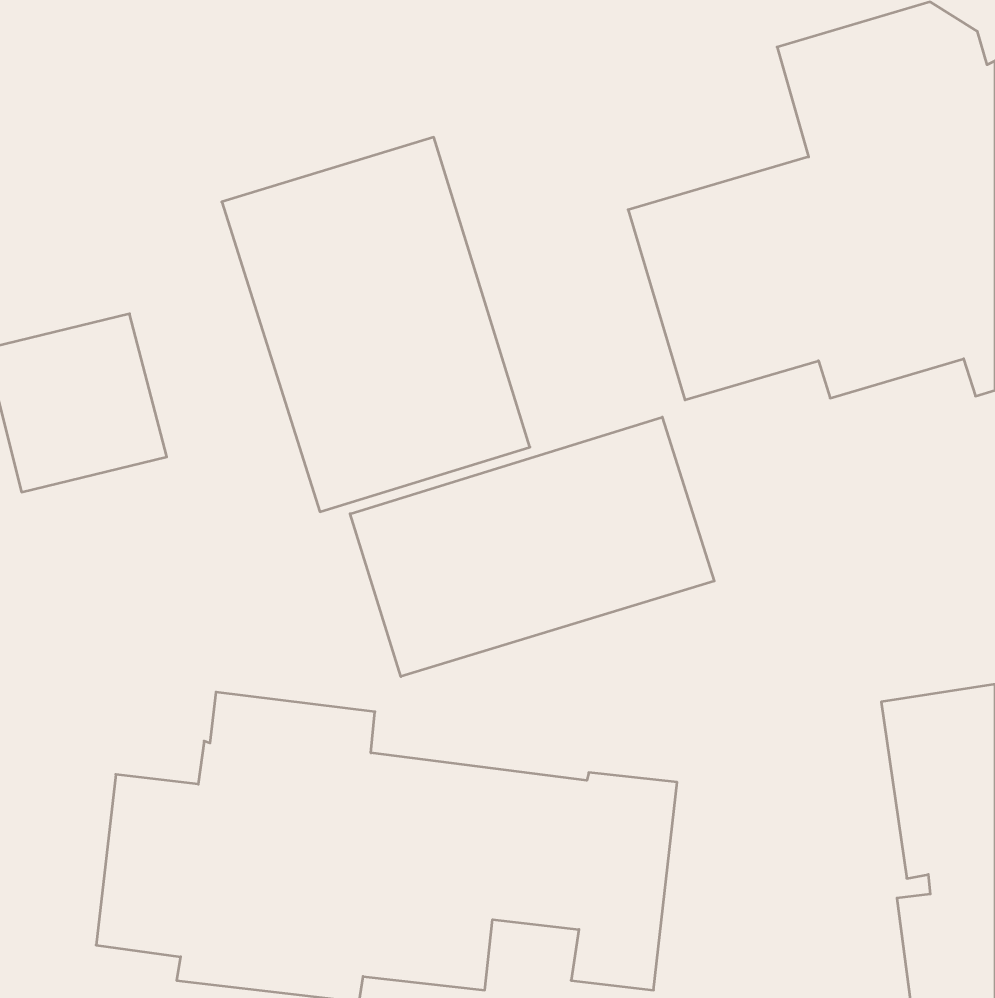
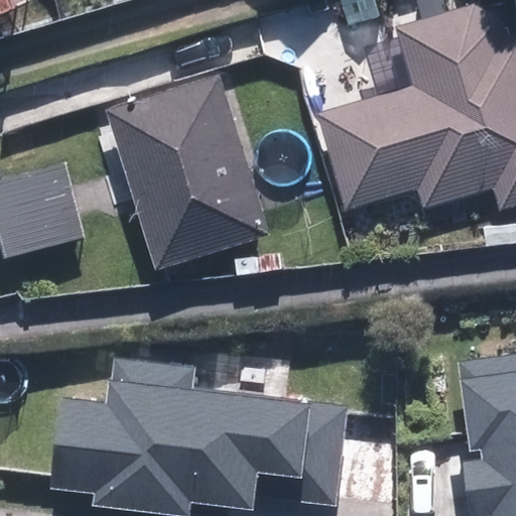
building: [350,417,714,677] -> none

